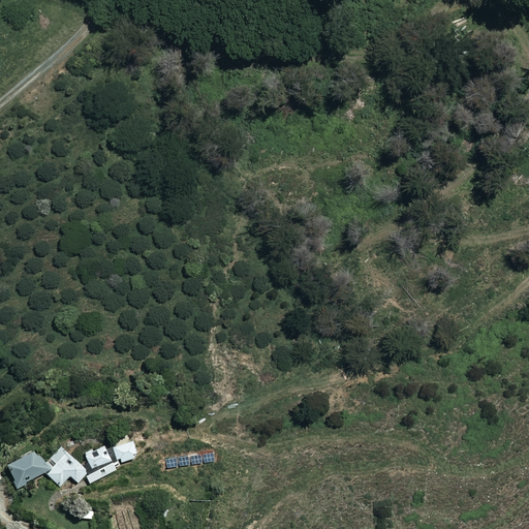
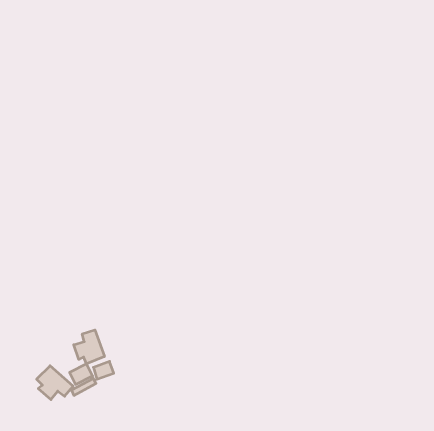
building: none -> [74,330,104,364]
building: [6,454,52,487] -> none

